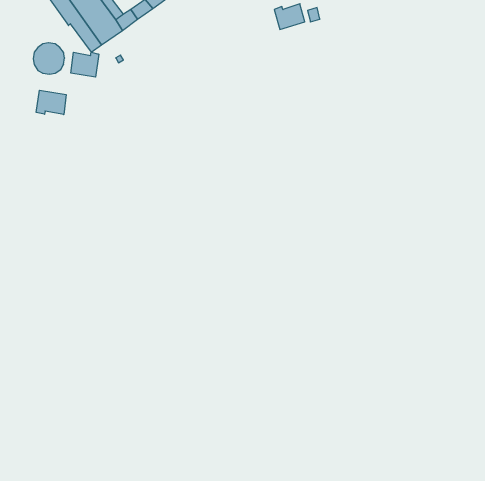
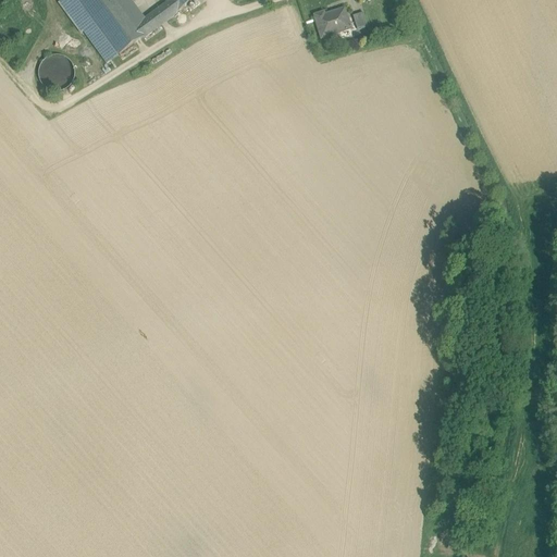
building: [71,52,99,77] -> none
building: [36,90,66,115] -> none

